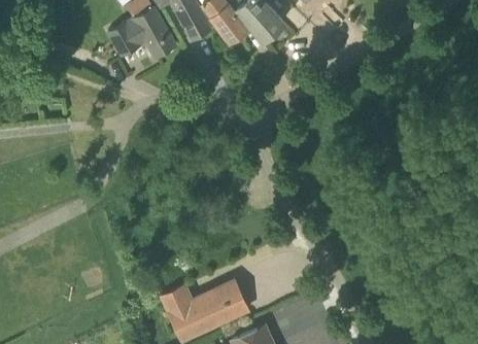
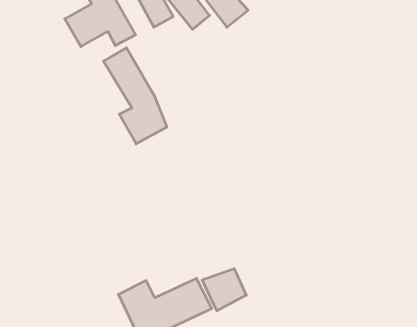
building: none -> [103,48,167,144]
building: none -> [202,269,246,311]

